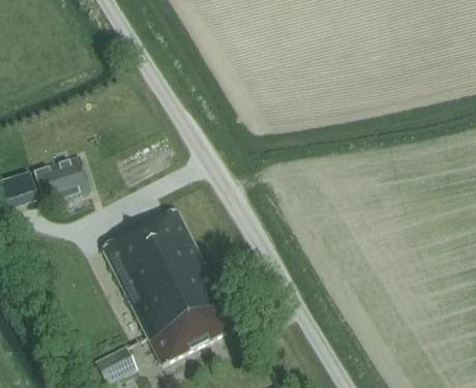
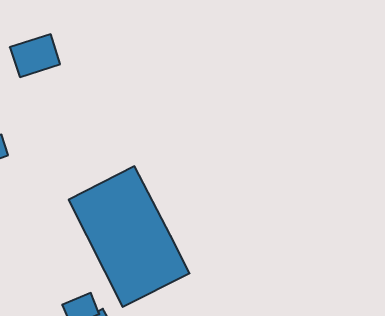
building: [31,155,87,203] -> [10,34,60,77]

